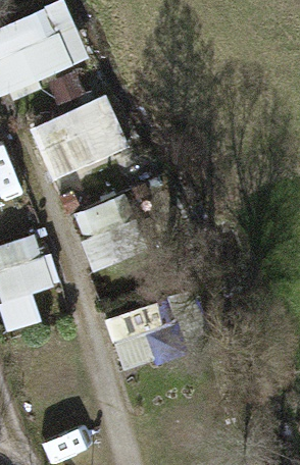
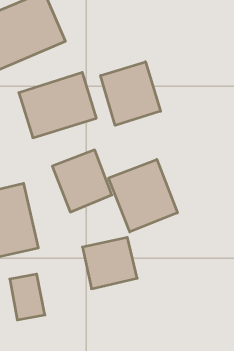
building: none -> [101,62,161,125]
building: none -> [109,159,177,232]

